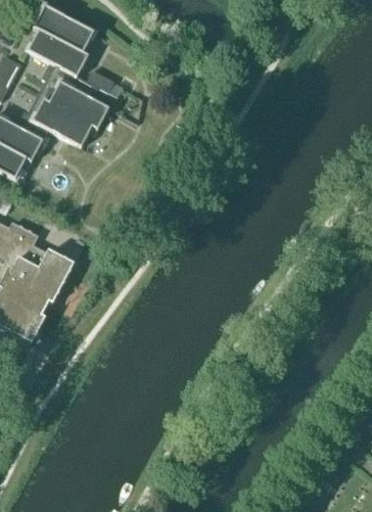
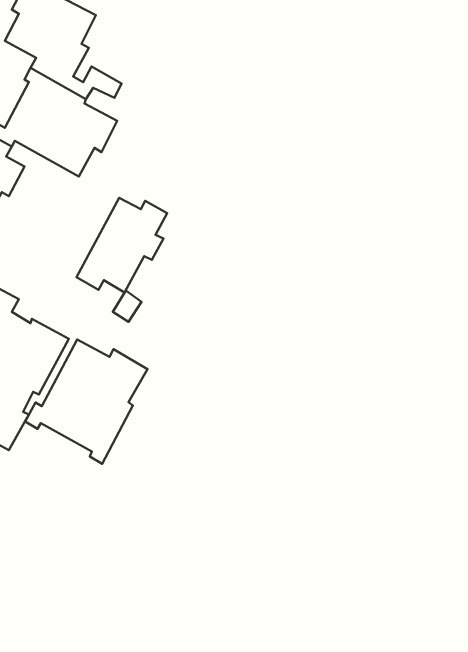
building: none -> [76,198,167,293]
building: none -> [25,339,148,464]

